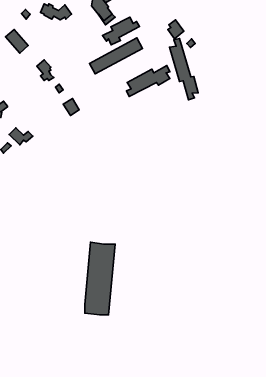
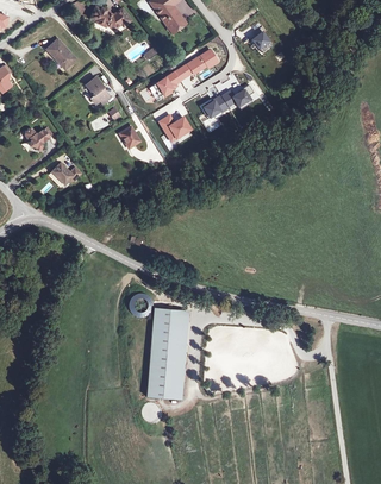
building: [102,17,140,45] -> none
building: [169,39,198,100] -> none
building: none -> [158,114,194,146]

